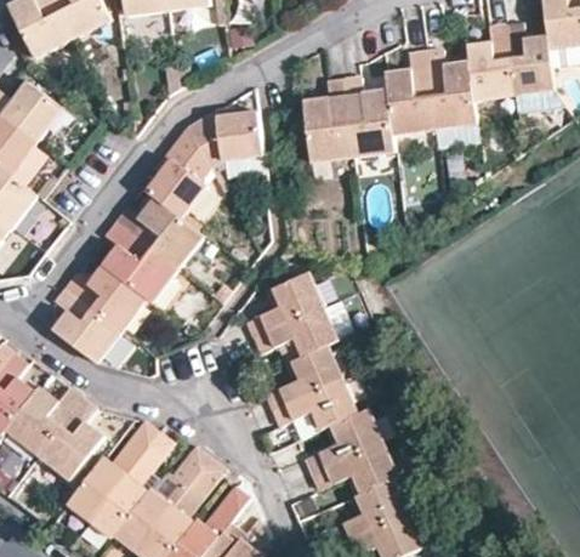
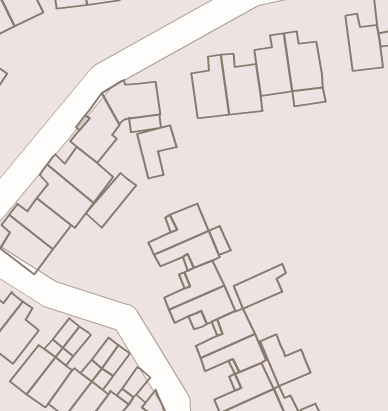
building: [465,27,513,103] -> none
building: none -> [137,125,177,179]
building: none -> [86,173,136,228]
building: none -> [234,264,286,309]
building: none -> [260,334,310,386]

